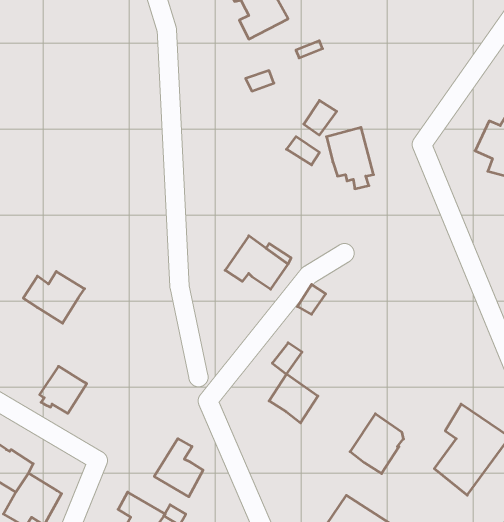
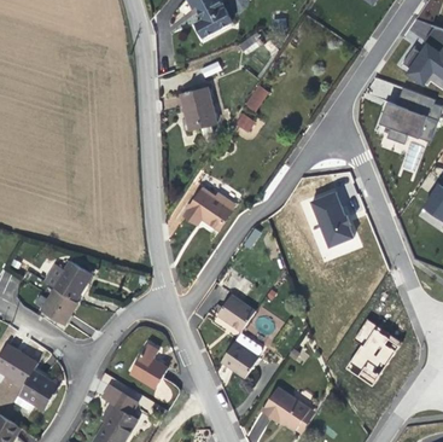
building: [326,127,374,189] -> [180,86,216,133]
building: none -> [308,191,354,245]
building: [23,271,85,323] -> [45,260,92,299]
building: [350,414,404,474] -> [221,331,262,377]

